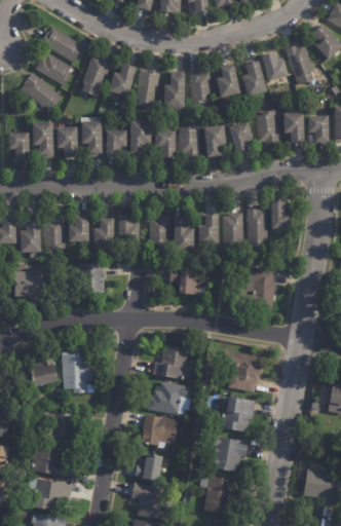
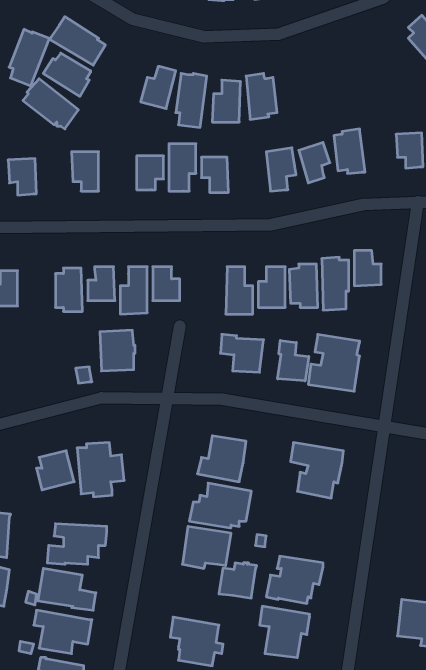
building: [280,42,309,84] -> none
building: [257,50,283,80] -> none
building: [81,54,112,98] -> [9,29,50,86]
building: [237,60,262,96] -> none
building: [213,62,235,96] -> none
building: [277,112,298,142] -> none
building: [81,122,102,157] -> none
building: [33,123,53,158] -> none
building: [179,124,199,157] -> none
building: [149,216,169,249] -> none
building: [20,222,41,258] -> none
building: none -> [278,340,309,381]
building: [13,272,43,297] -> none
building: [221,396,255,431] -> none
building: [135,453,163,480] -> [219,563,257,598]

